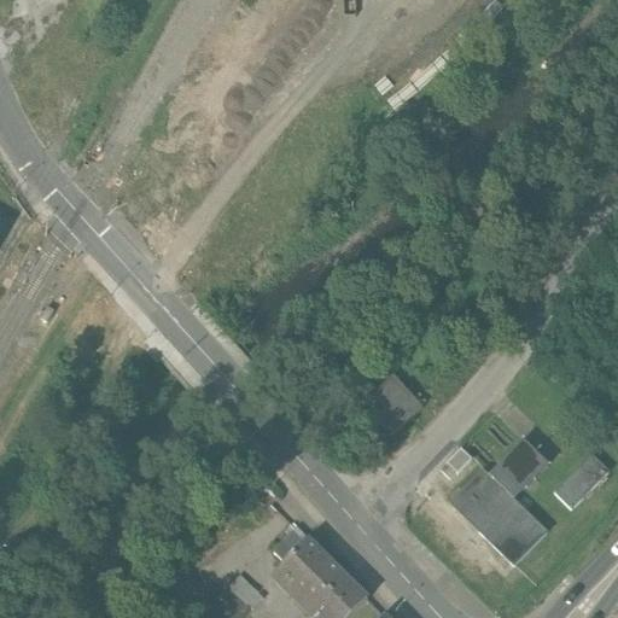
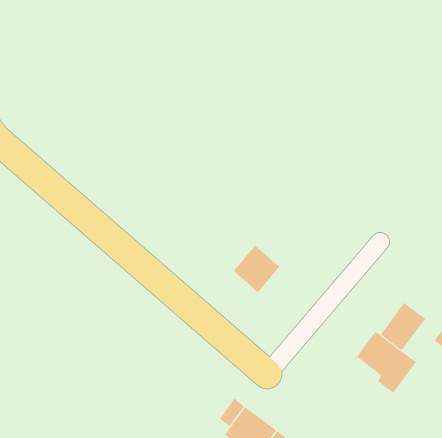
building: [363,375,422,436] -> [233,245,280,293]
building: [495,513,546,564] -> none

